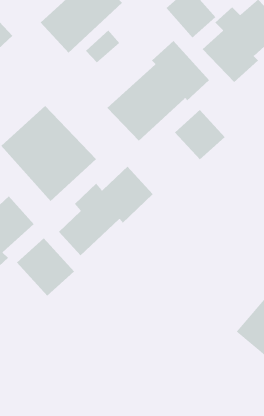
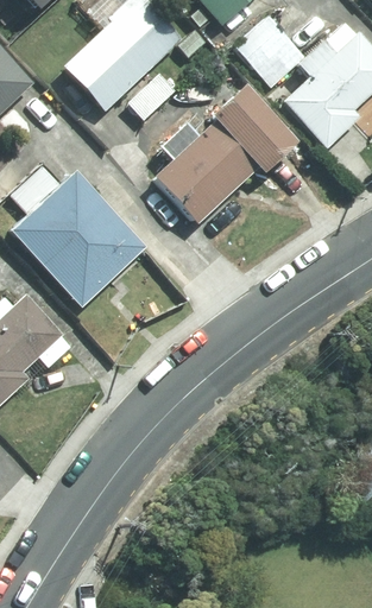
building: [174,109,225,160] -> none
building: [58,166,154,256] -> none
building: [16,238,75,296] -> none

